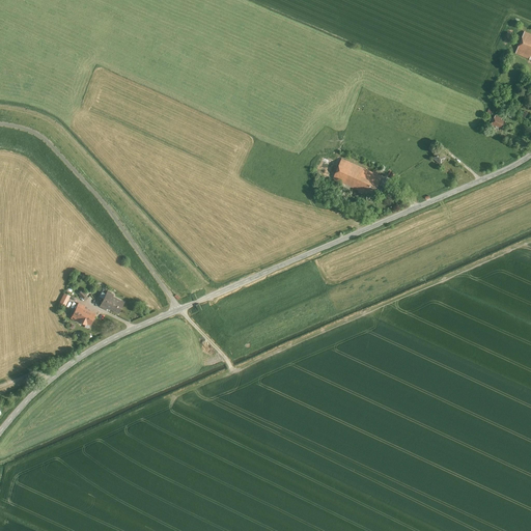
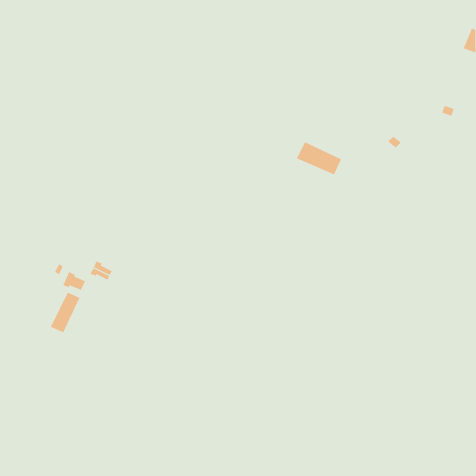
building: none -> [50,292,80,333]

